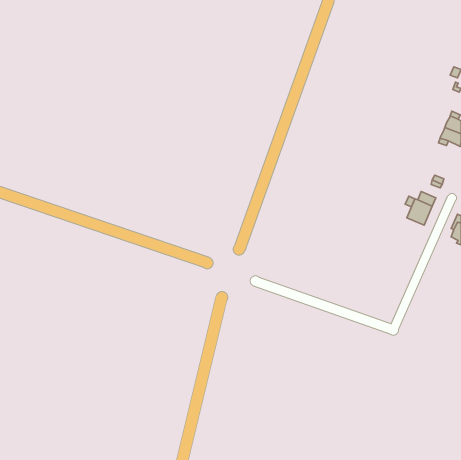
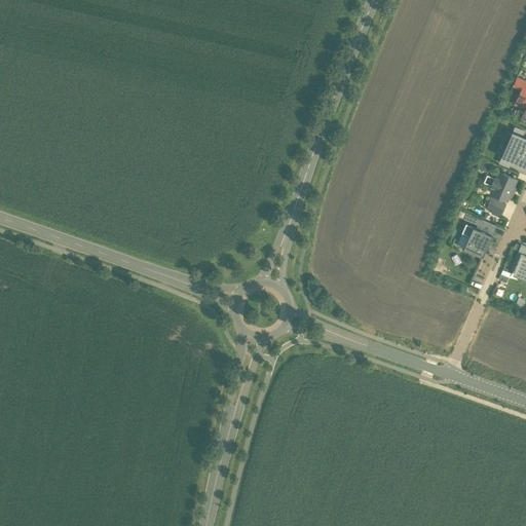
building: none -> [490,174,516,201]

